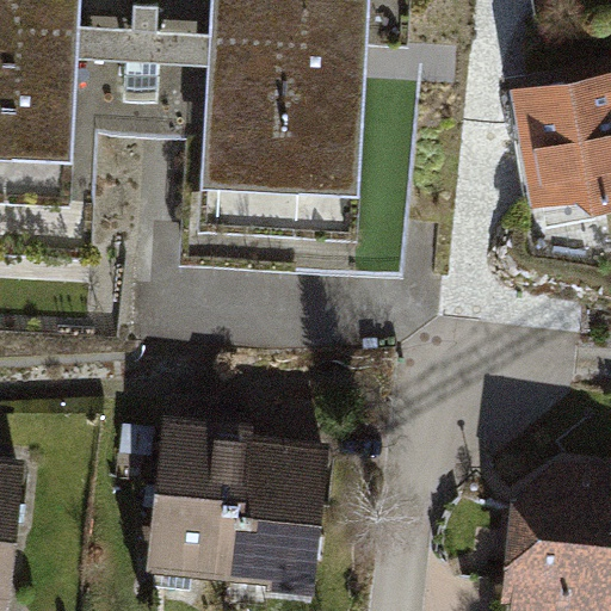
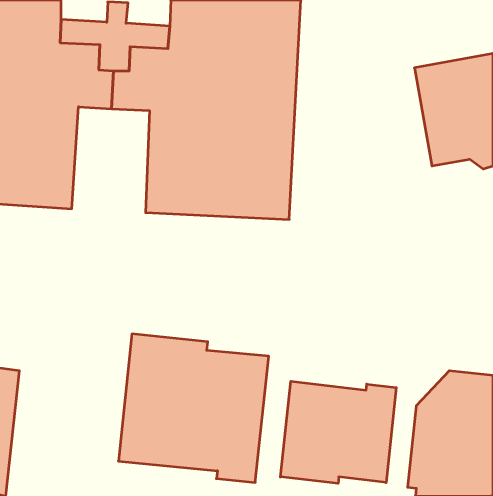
building: none -> [280,381,396,483]

